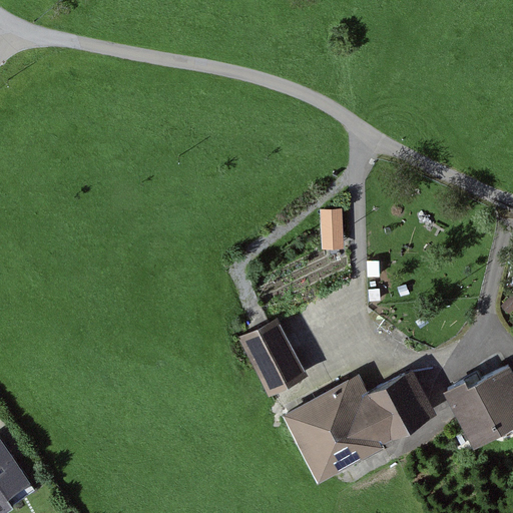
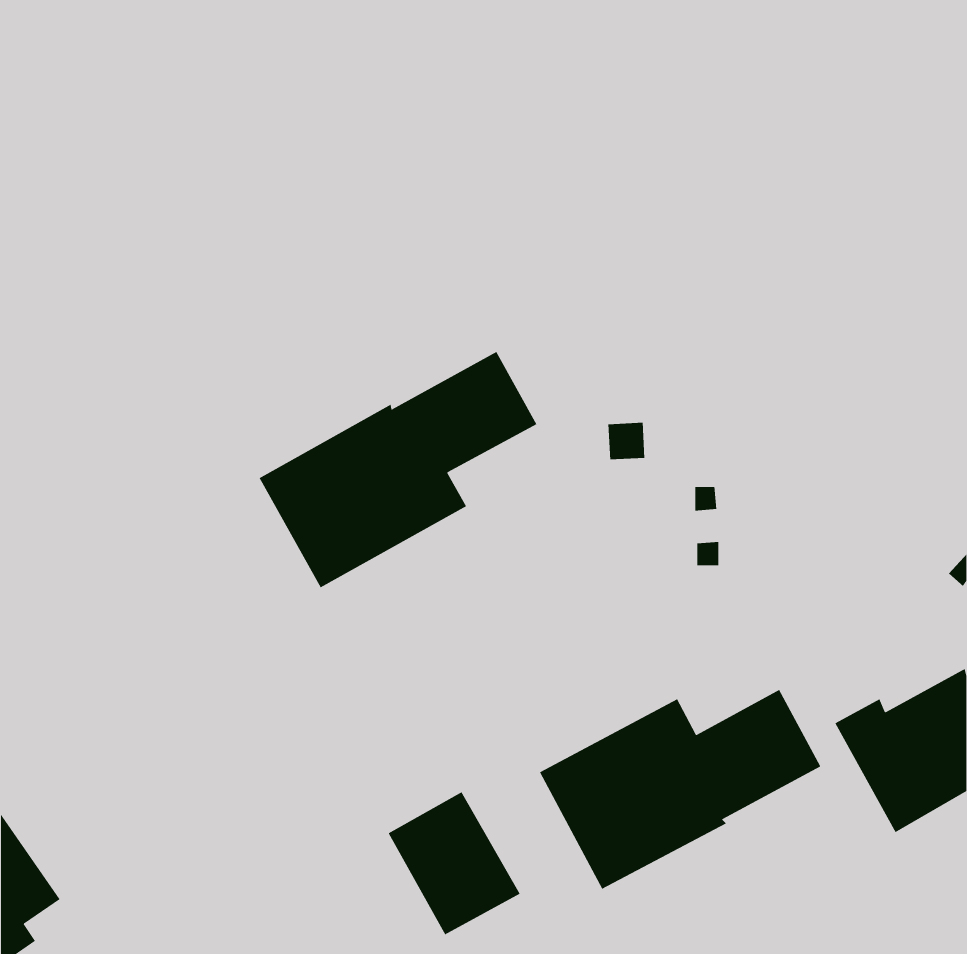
building: none -> [259,351,537,588]
building: [238,321,309,397] -> [388,791,520,935]

